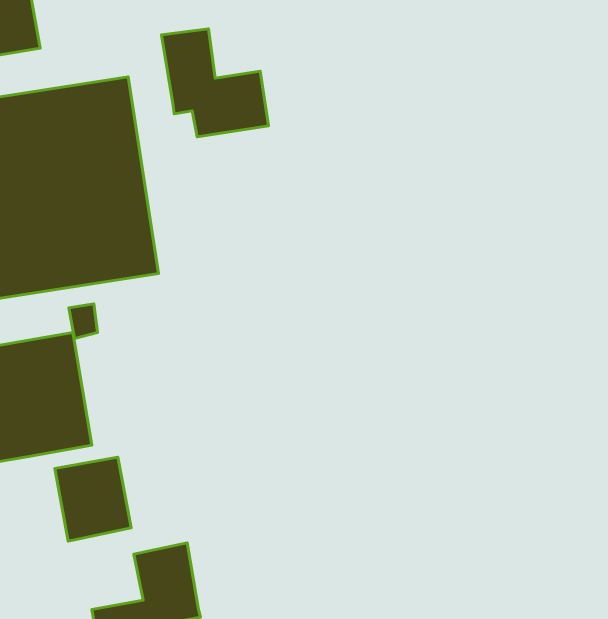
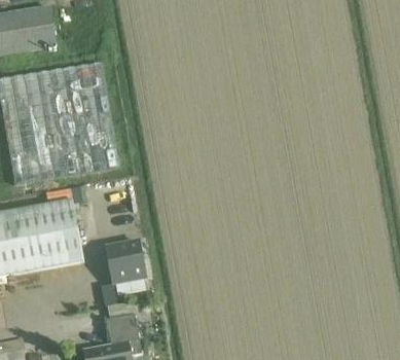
building: [161,29,269,137] -> none
building: [55,457,131,541] -> [104,240,145,285]

